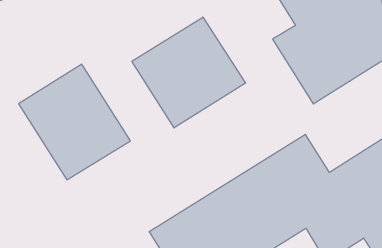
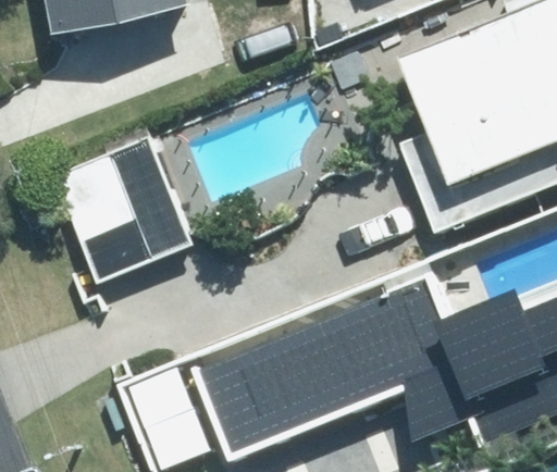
building: [132,17,246,128] -> none

